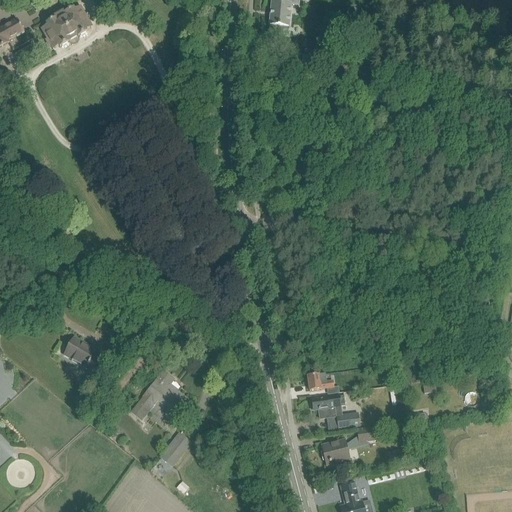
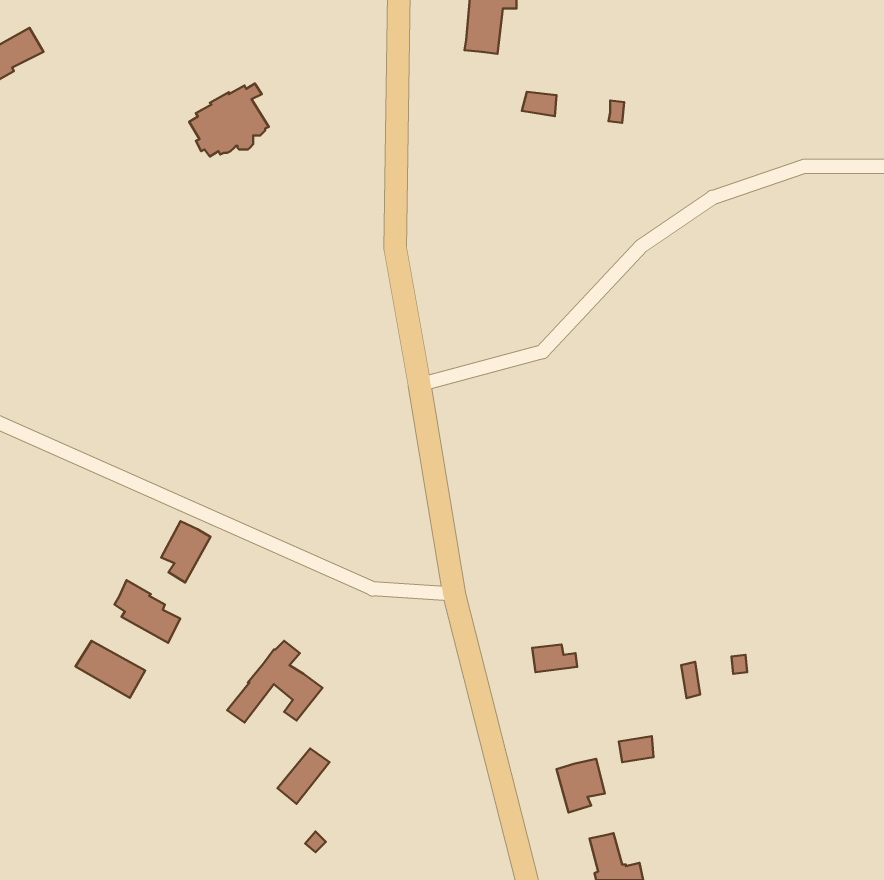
building: [41,4,87,46] -> [189,84,269,156]
building: none -> [161,521,211,582]
building: none -> [76,641,145,698]
building: [311,393,359,427] -> none

